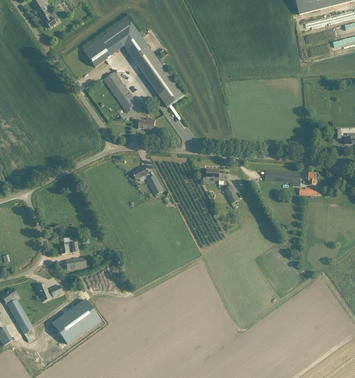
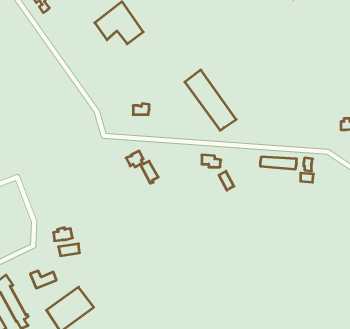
building: [83,37,112,66] -> none
building: [132,46,183,106] -> [185,70,236,130]
building: [103,70,137,110] -> none

